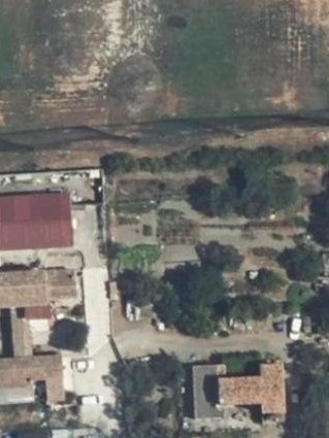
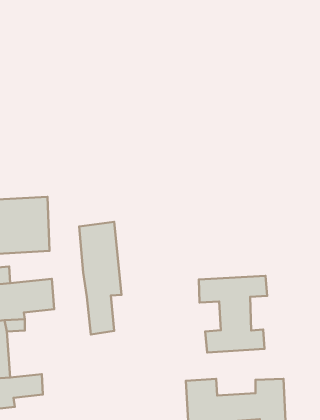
building: none -> [79,222,121,335]
building: none -> [199,276,267,353]

